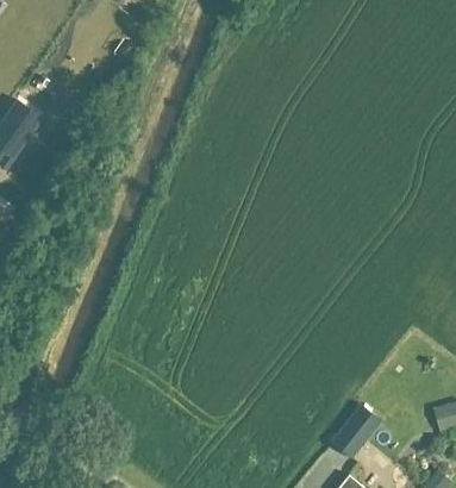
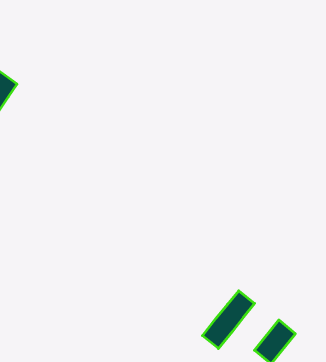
building: none -> [202,291,255,349]

